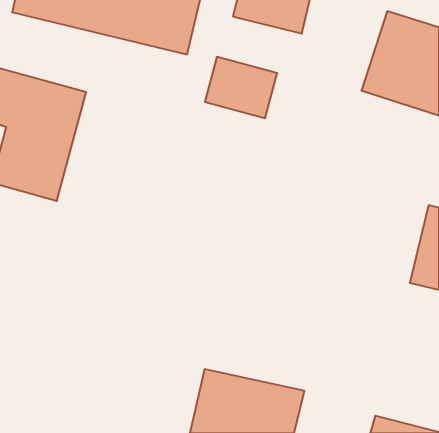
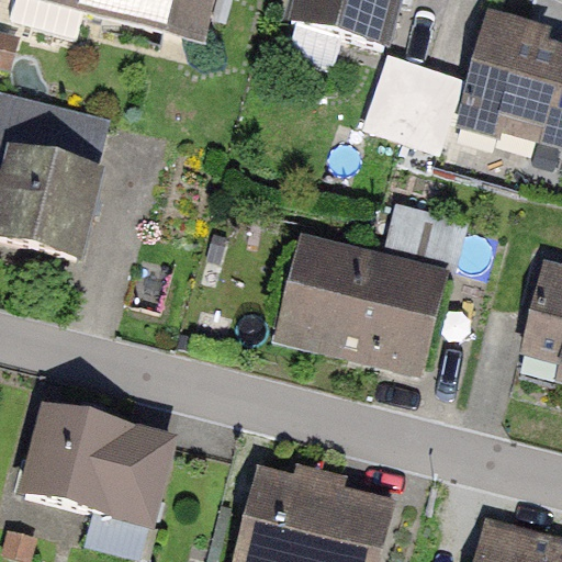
building: [205,57,277,118] -> [374,61,467,139]
building: none -> [277,233,446,364]
building: none -> [30,409,166,521]

